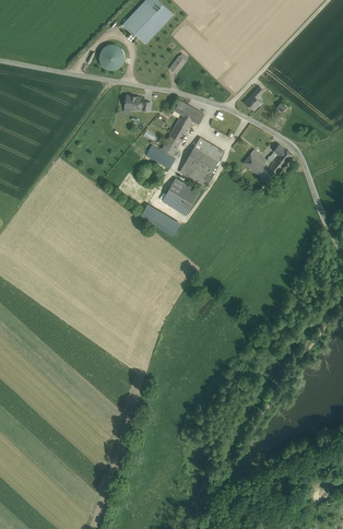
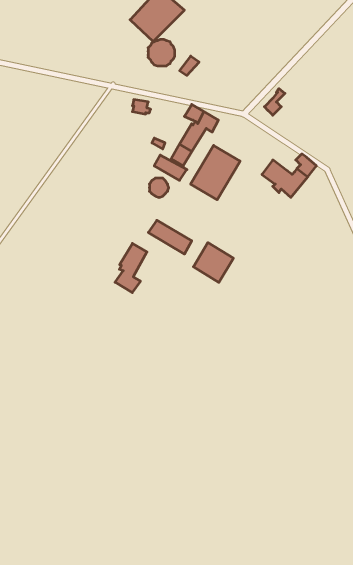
building: [99,45,123,69] -> [148,39,175,66]
building: [162,178,198,214] -> [193,243,233,282]
building: none -> [115,243,147,293]

